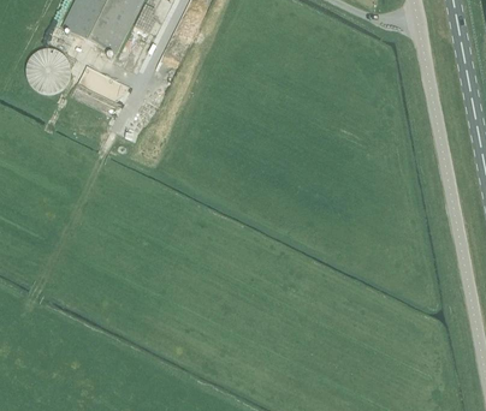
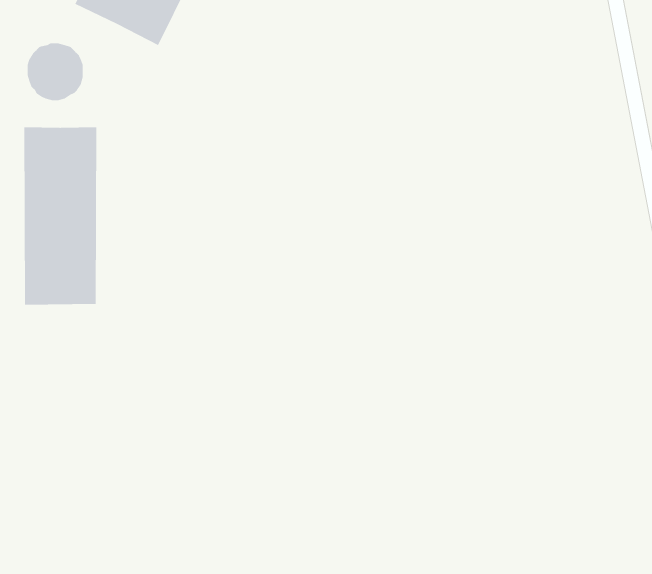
building: none -> [23,126,97,305]

